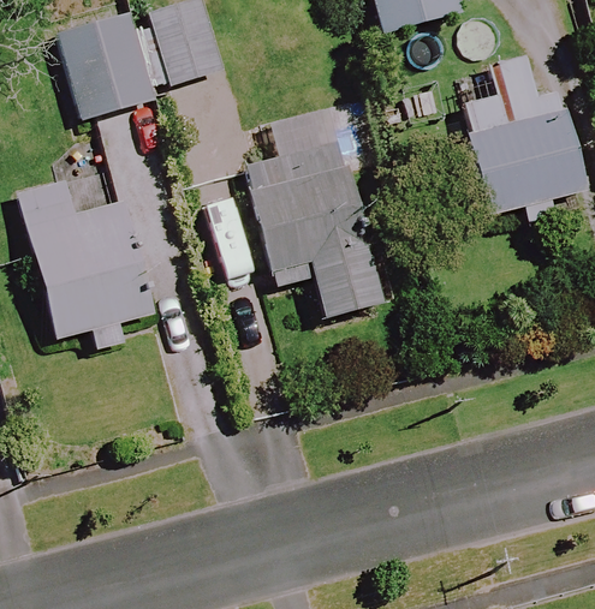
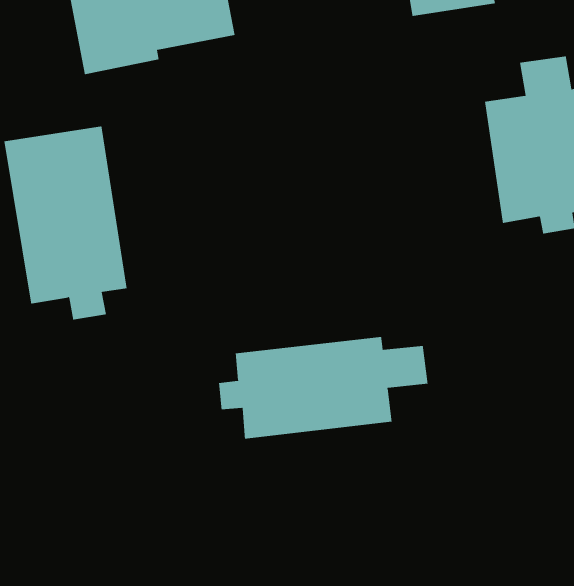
building: [250,145,381,316] -> none
building: none -> [219,336,428,439]

